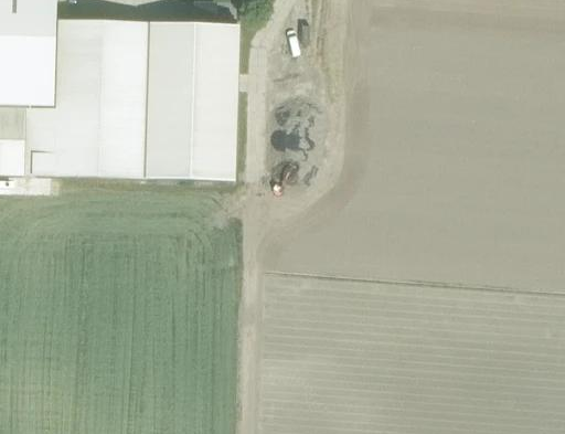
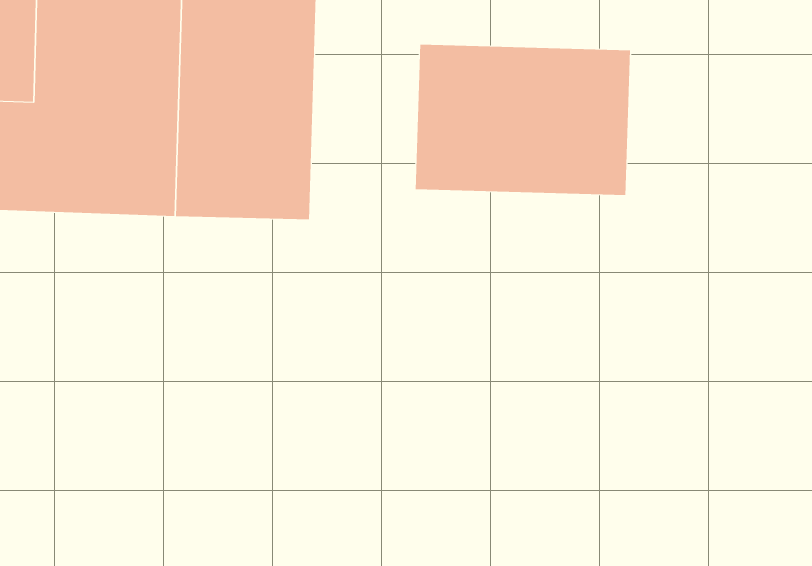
building: none -> [415,44,631,196]

